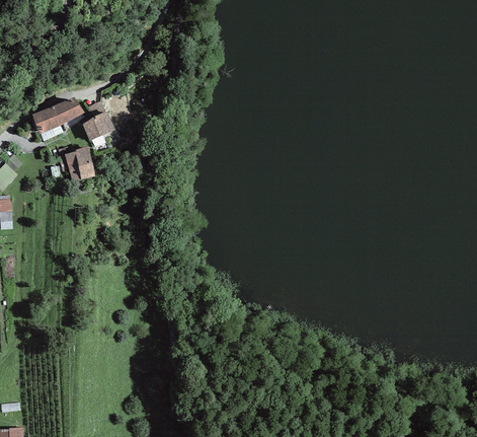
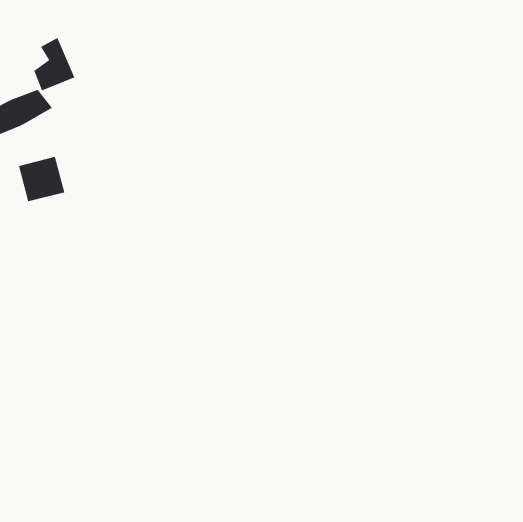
building: [83,100,114,141] -> [34,37,75,91]

